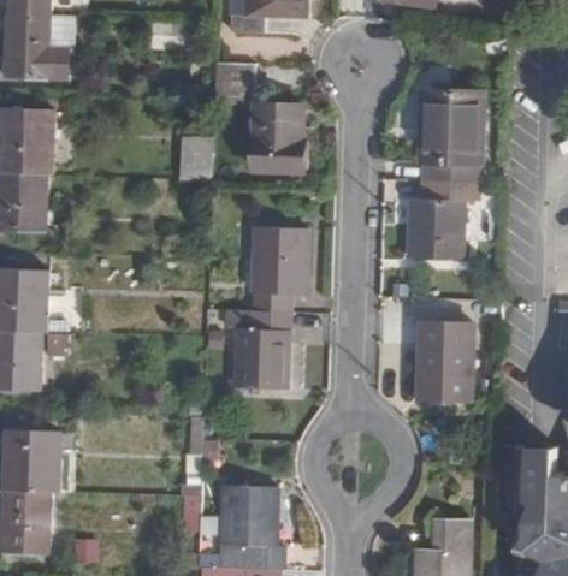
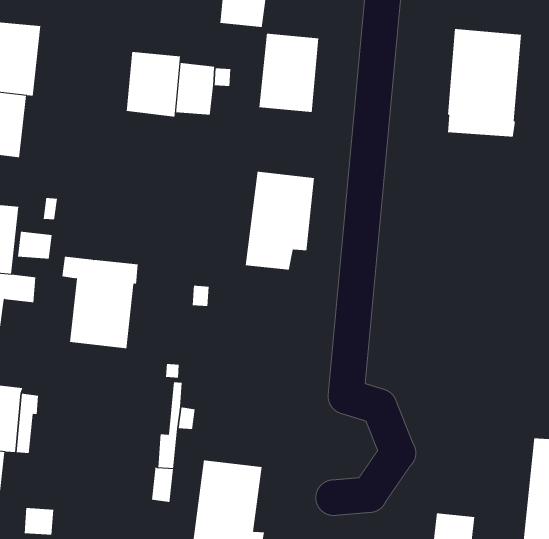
building: none -> [126,51,180,118]
building: [409,182,480,260] -> none
building: [223,310,290,388] -> [61,256,138,349]
building: [416,322,472,400] -> none

